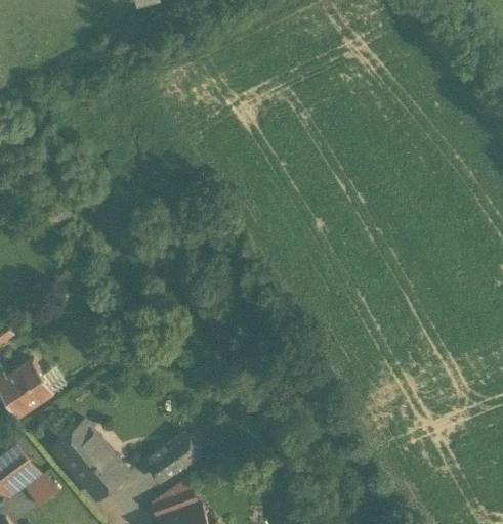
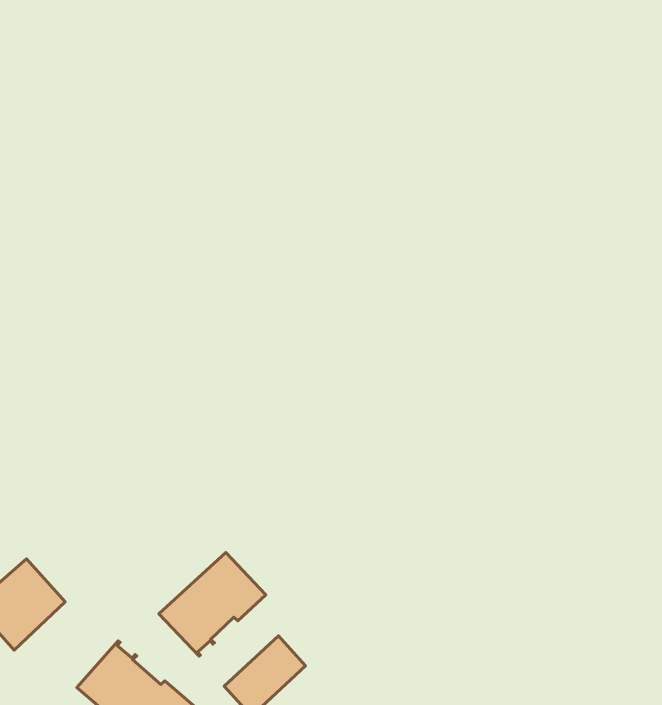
building: none -> [159,552,266,656]

